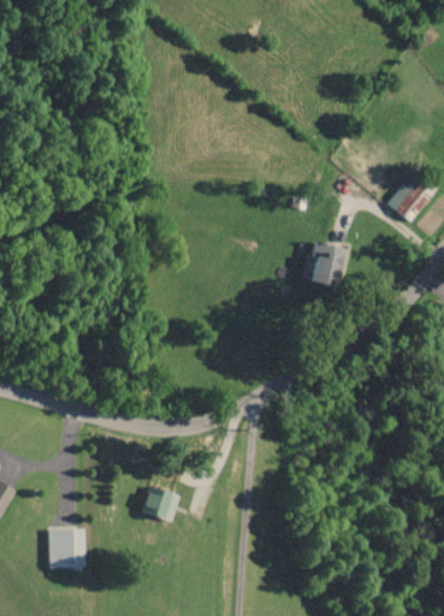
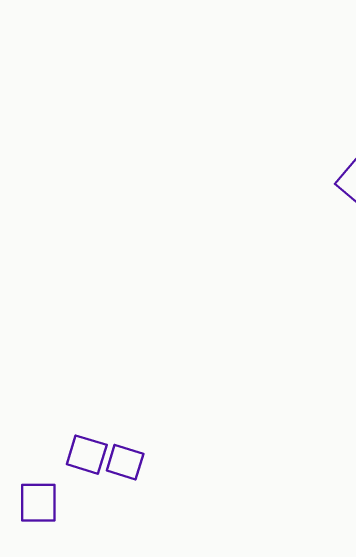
building: [303,239,347,288] -> none
building: none -> [67,435,107,474]

